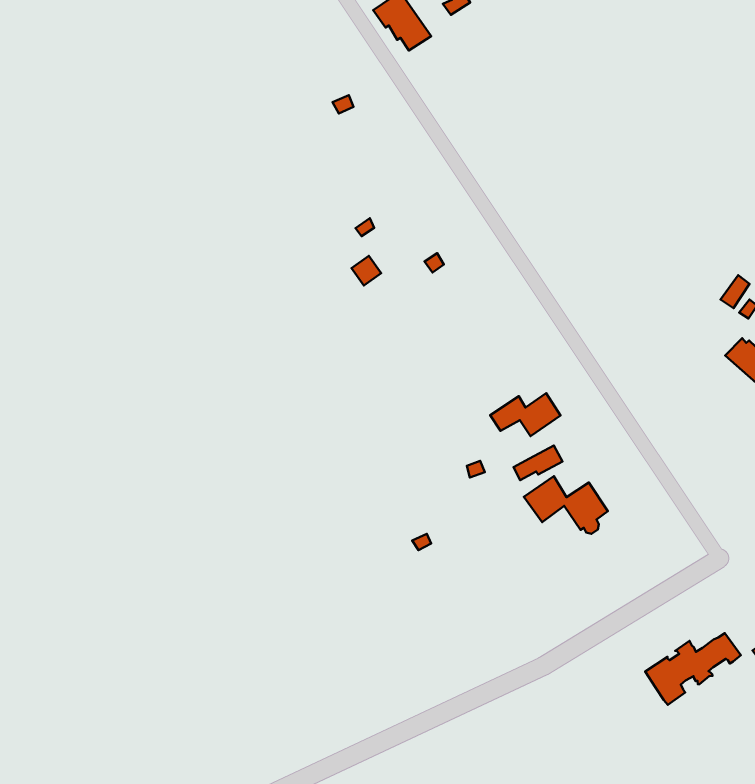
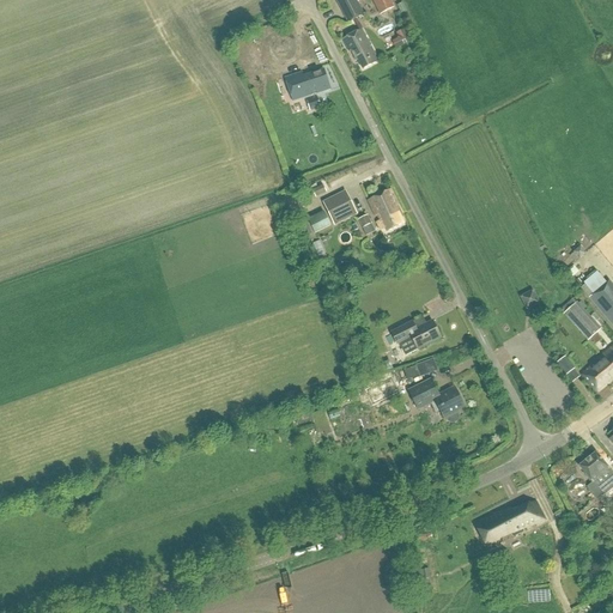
building: none -> [283,68,329,101]
building: none -> [368,187,402,230]
building: none -> [322,188,356,223]

